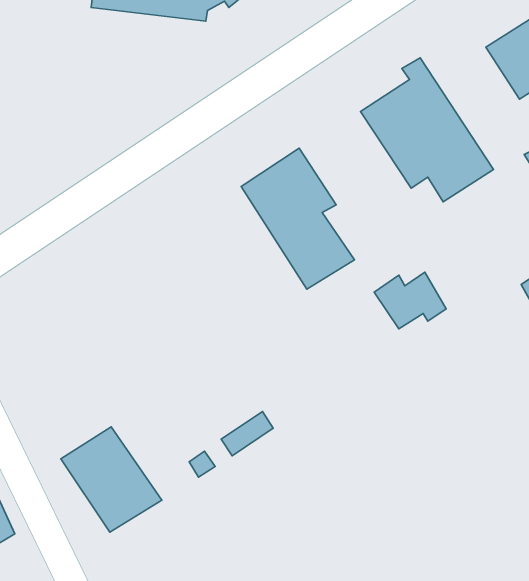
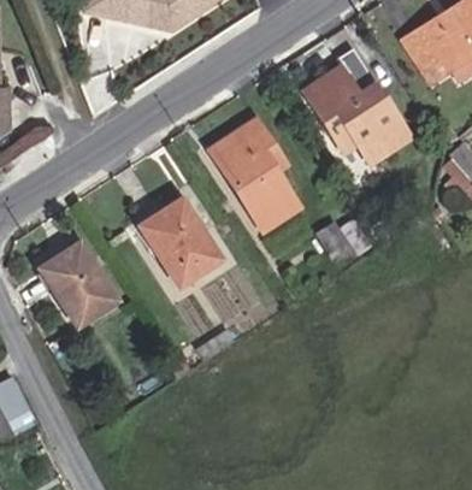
building: none -> [138,200,220,287]
building: [61,427,162,532] -> [37,243,117,326]

